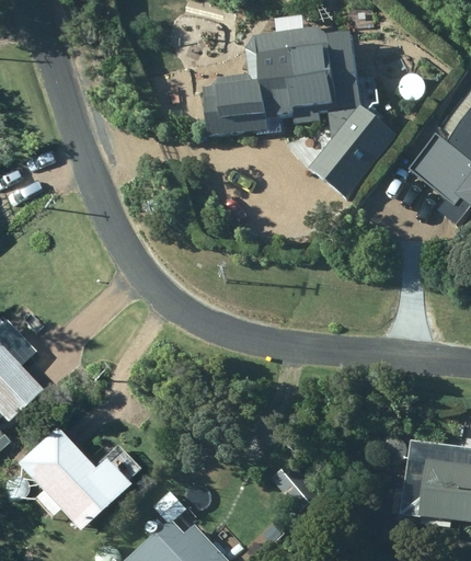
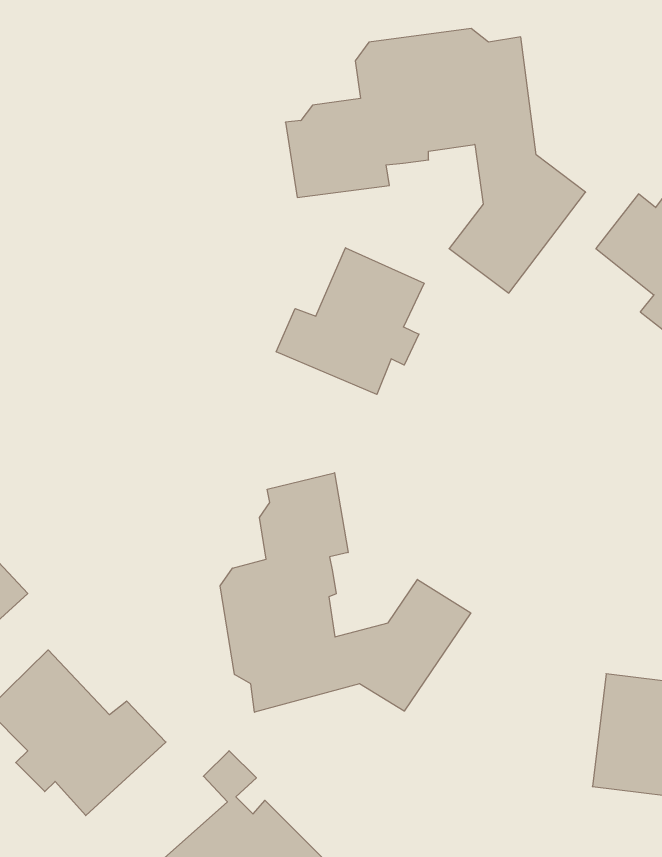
building: none -> [276,248,424,394]
building: none -> [220,473,471,712]

